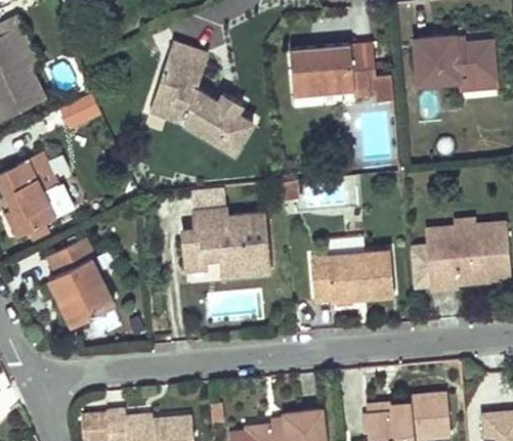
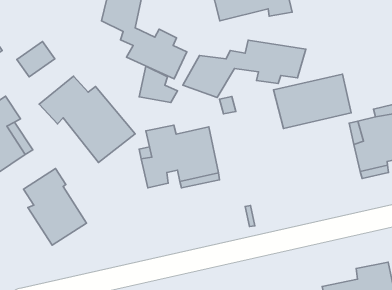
building: [147,78,191,123] -> [139,66,177,103]
building: none -> [183,40,306,98]
building: none -> [39,76,135,163]
building: [308,249,392,301] -> [274,74,351,128]

